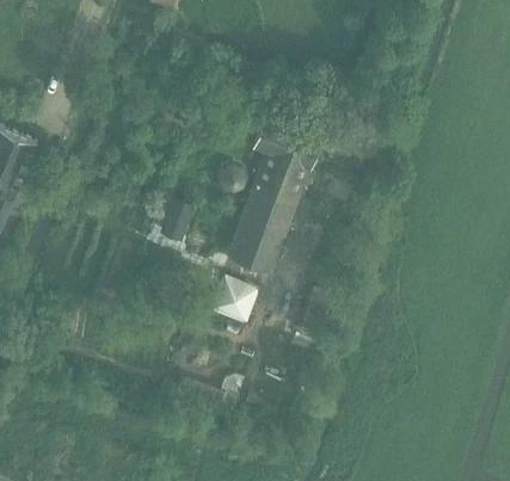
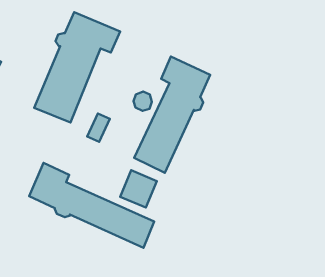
building: none -> [34,12,120,122]
building: none -> [29,163,154,248]

